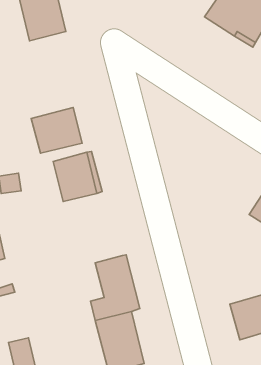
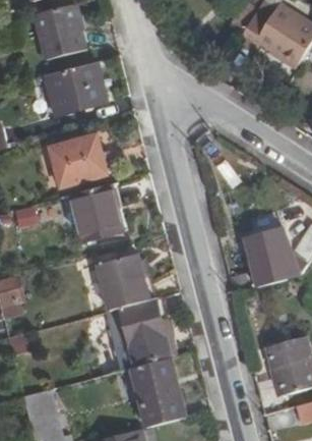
building: none -> [45,64,108,118]
building: none -> [246,233,287,286]
building: none -> [98,253,149,311]

